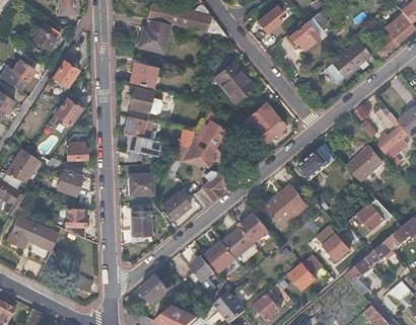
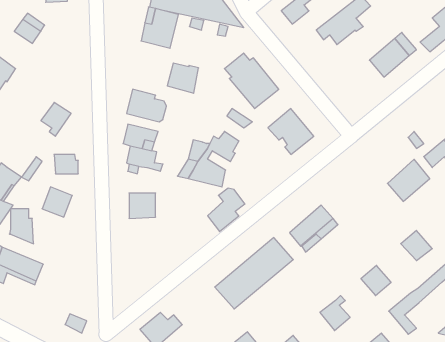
building: [53,61,79,88] -> none
building: [130,63,156,88] -> [167,63,199,93]
building: [298,147,333,179] -> none
building: [161,191,191,219] -> none
building: [66,209,86,238] -> [9,209,34,244]
building: [130,211,150,236] -> none
building: [185,253,212,281] -> none

